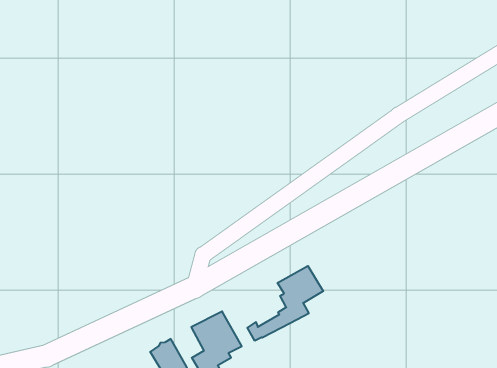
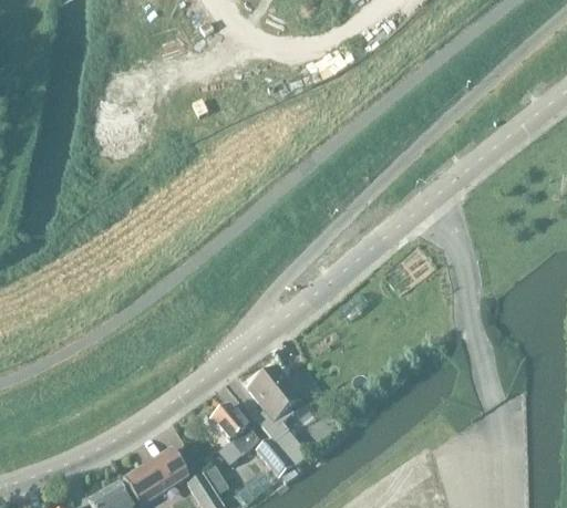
building: [247,266,323,341] -> none

